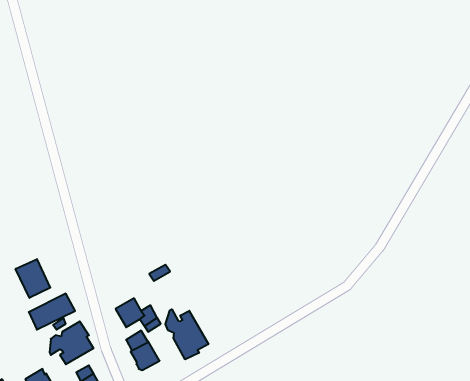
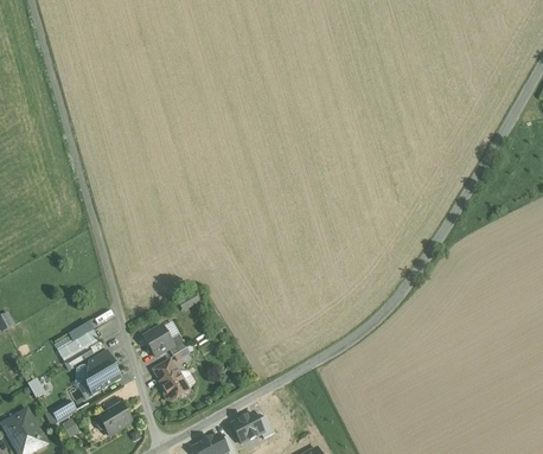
building: [16,259,50,298] -> none
building: [165,309,208,359] -> none

